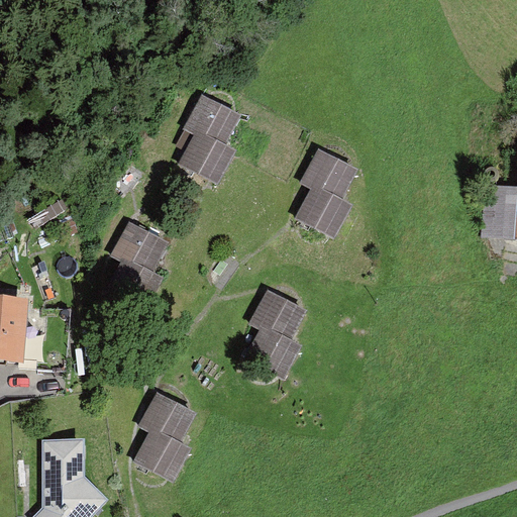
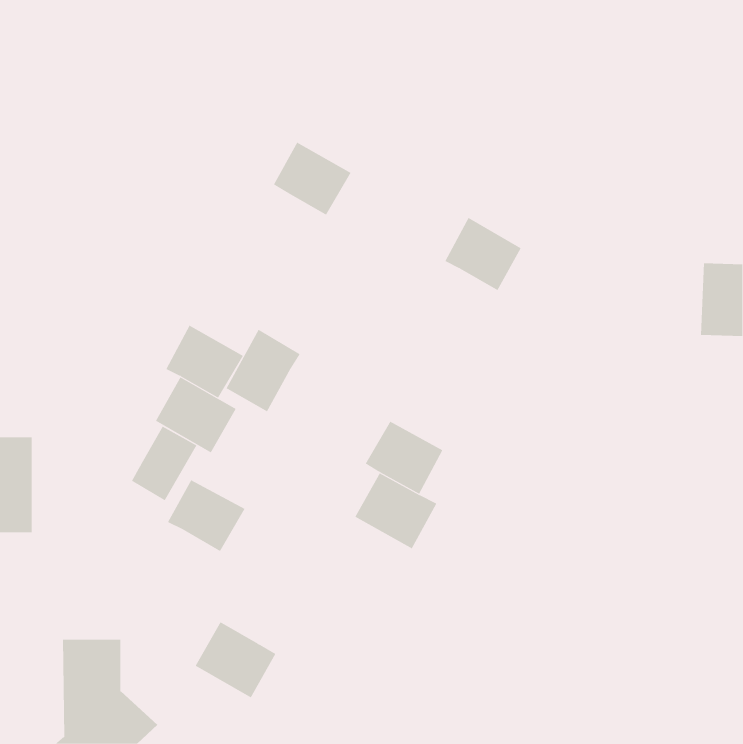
building: [180,132,235,185] -> none
building: [297,184,352,236] -> none
building: none -> [226,329,300,412]
building: none -> [131,426,197,501]
building: [140,391,194,440] -> [167,479,246,552]

